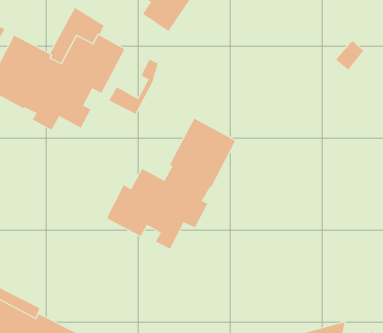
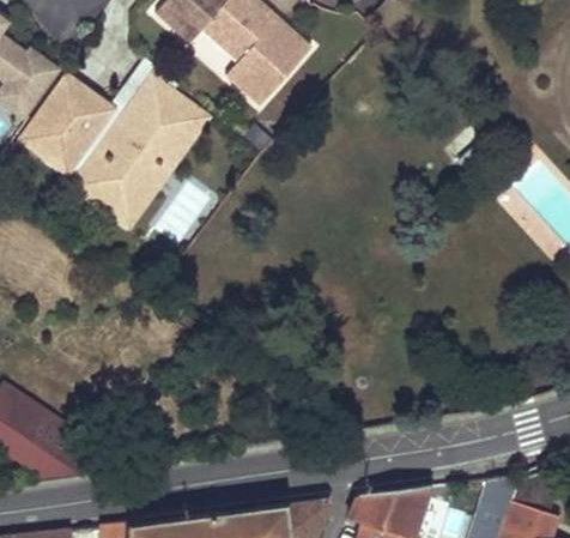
building: [109,59,159,114] -> [102,161,169,226]
building: [106,118,236,250] -> none

